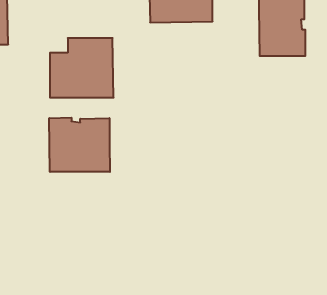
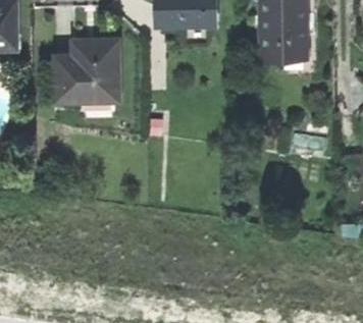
building: [49,118,110,172] -> none

